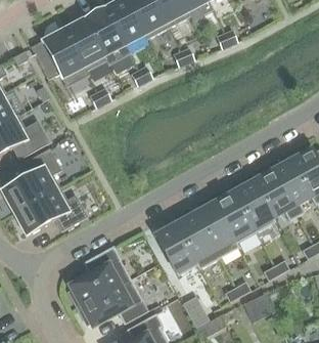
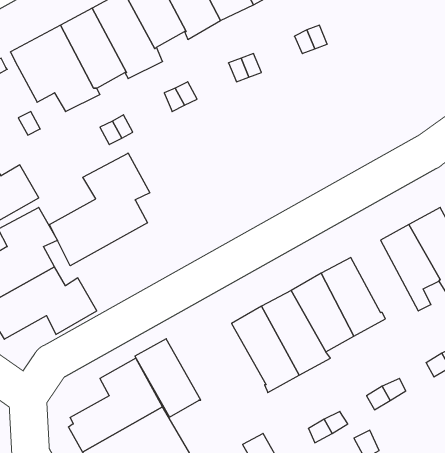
building: none -> [50,153,150,266]
building: [253,169,297,219] -> none
building: [154,223,197,274] -> [135,339,201,417]

